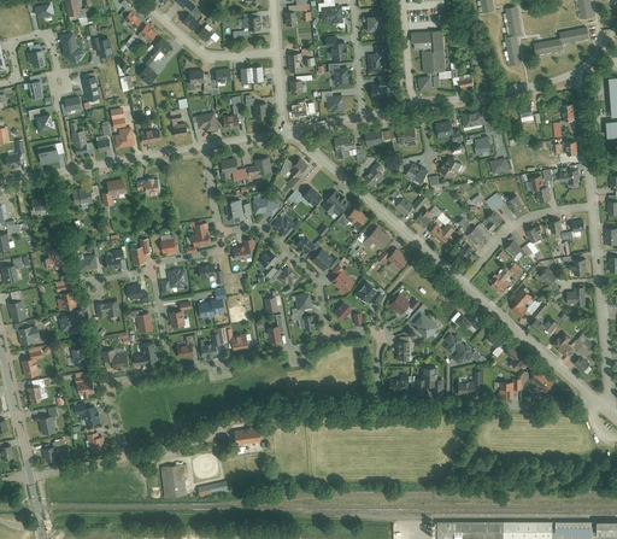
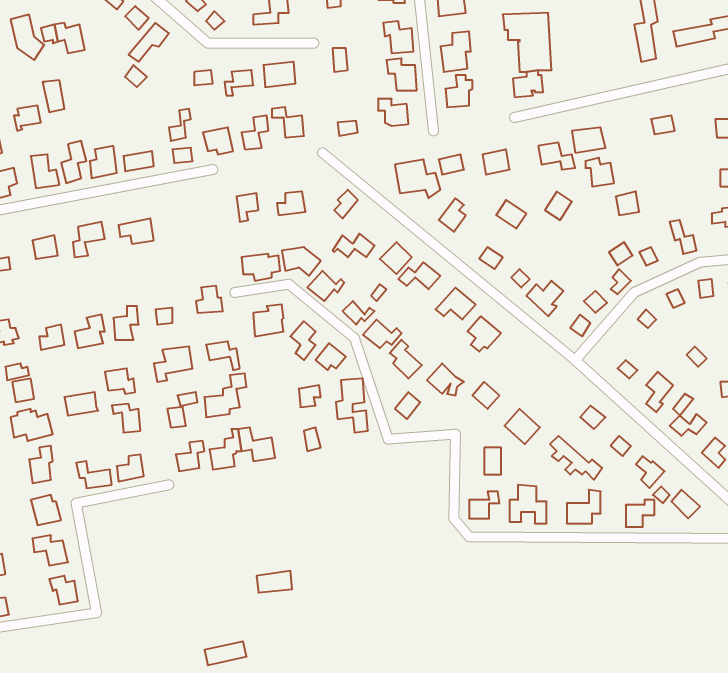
building: [160,462,188,497] -> none

